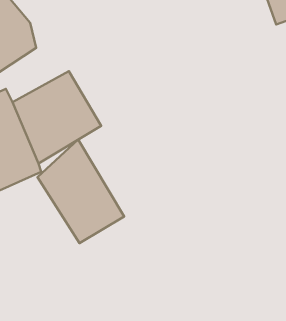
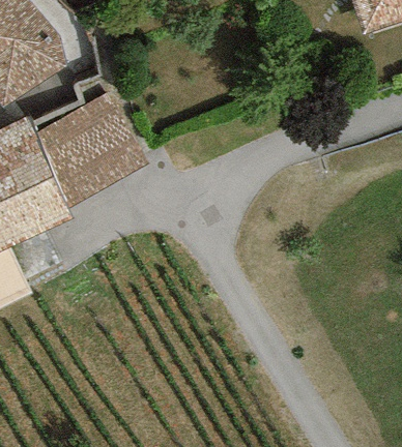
building: [38,140,124,243] -> none

